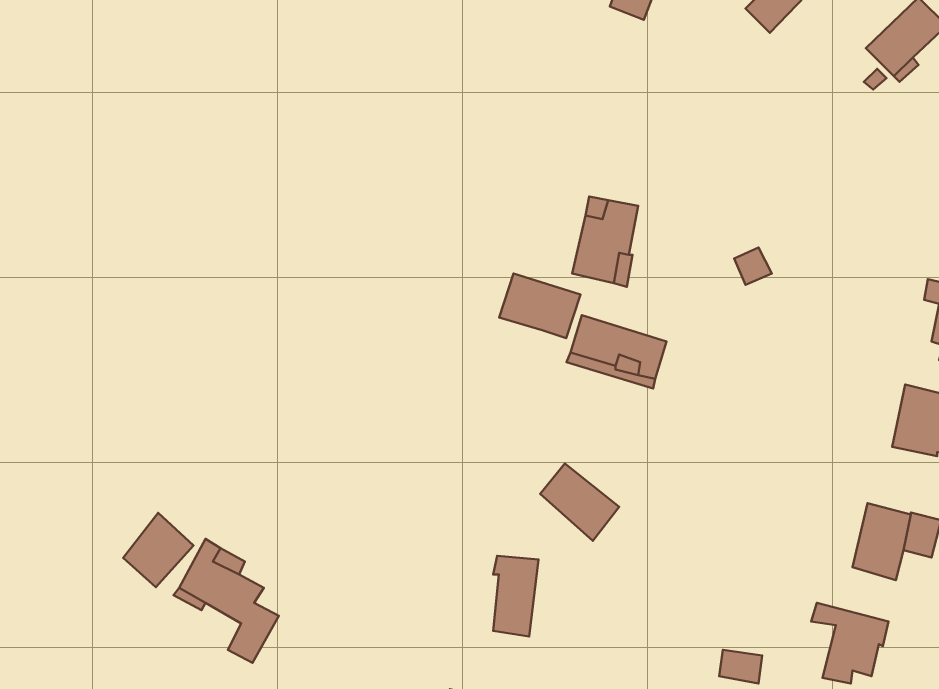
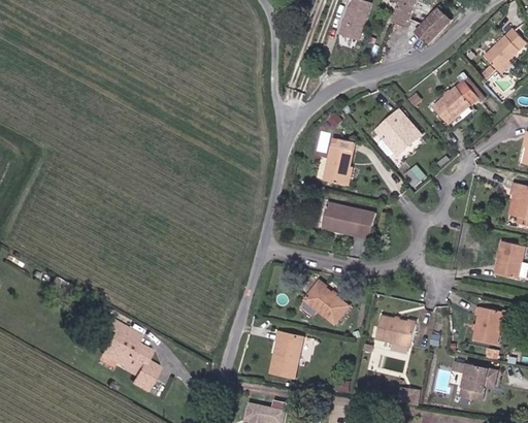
building: none -> [432,78,481,124]
building: none -> [378,113,419,154]
building: [499,274,581,338] -> none
building: [123,513,194,587] -> none
building: none -> [378,316,419,347]

